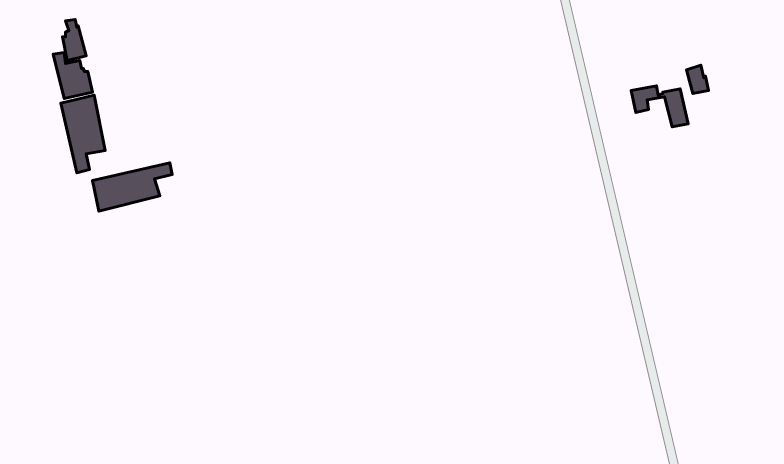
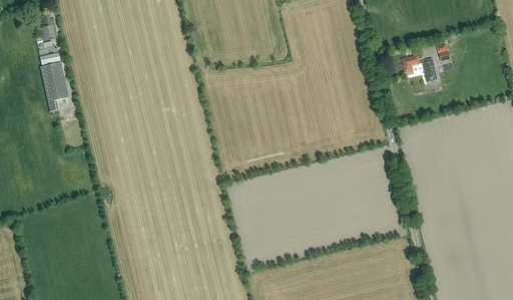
building: [92,163,172,211] -> none

